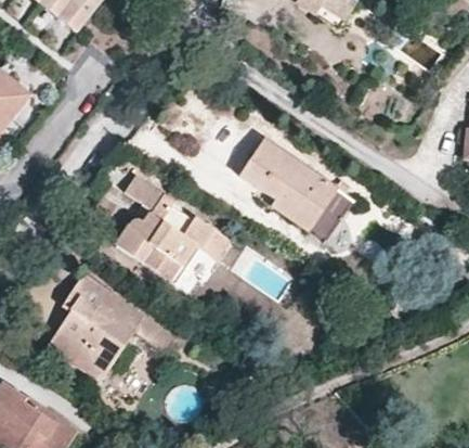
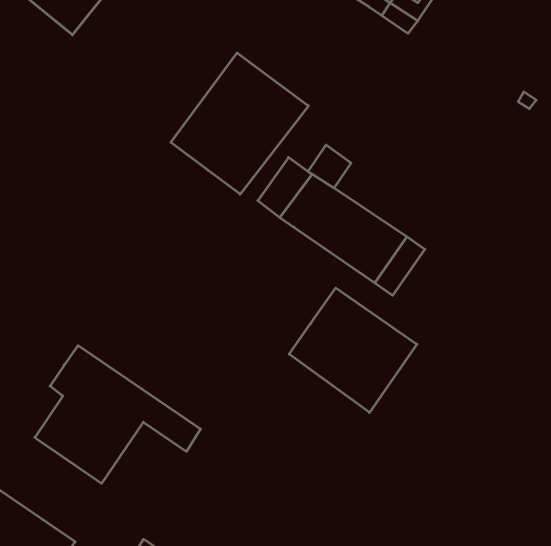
building: none -> [171,53,308,194]
building: [116,175,229,285] -> none
building: none -> [289,288,417,413]

